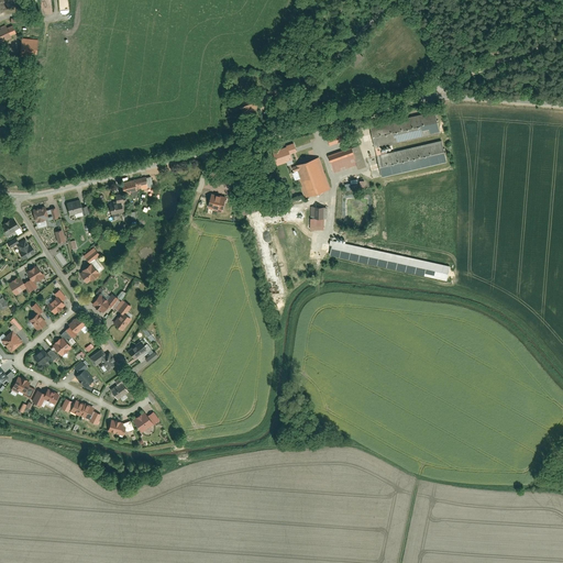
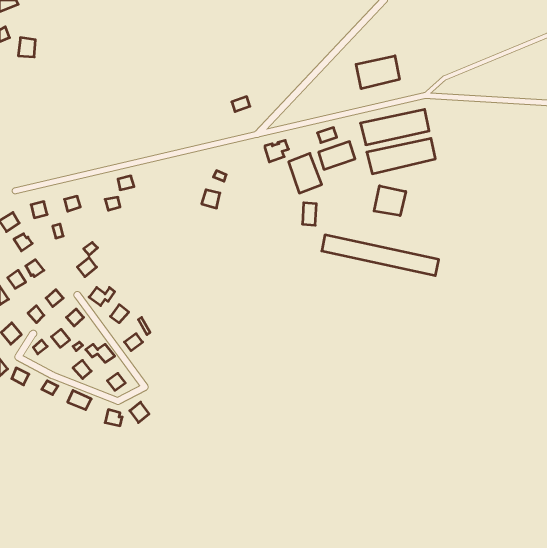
building: none -> [356,56,399,89]
building: none -> [374,186,406,216]

